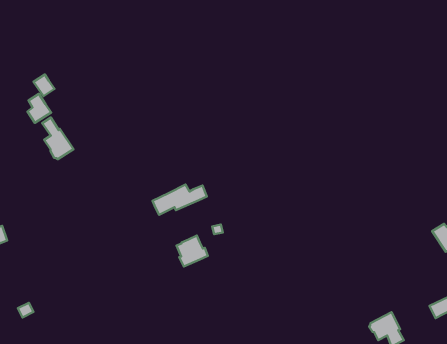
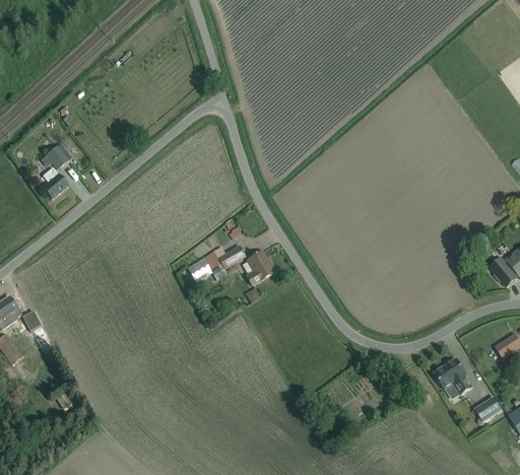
building: [42,118,73,159] -> none
building: [177,236,208,266] -> [242,250,276,284]

